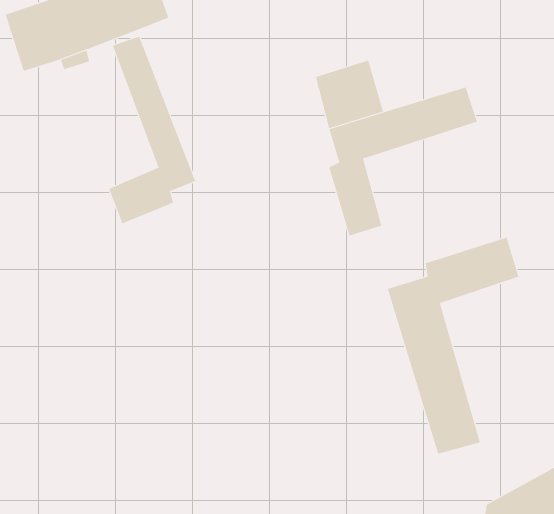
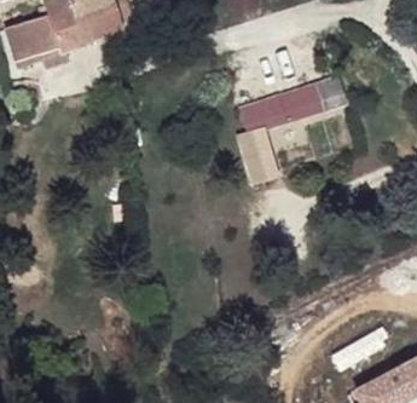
building: [108,36,196,224] -> none
building: [387,237,519,454] -> none

